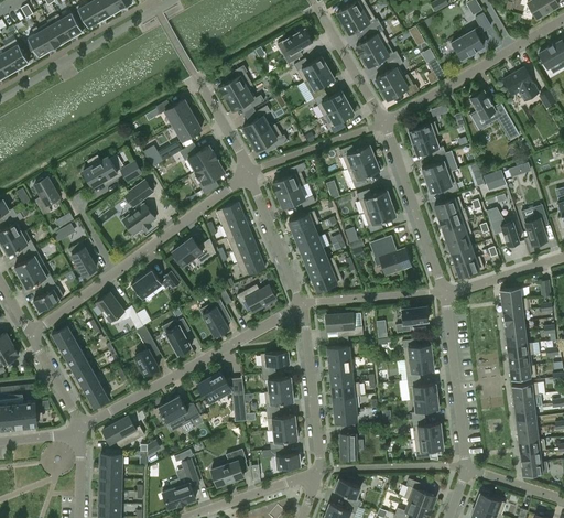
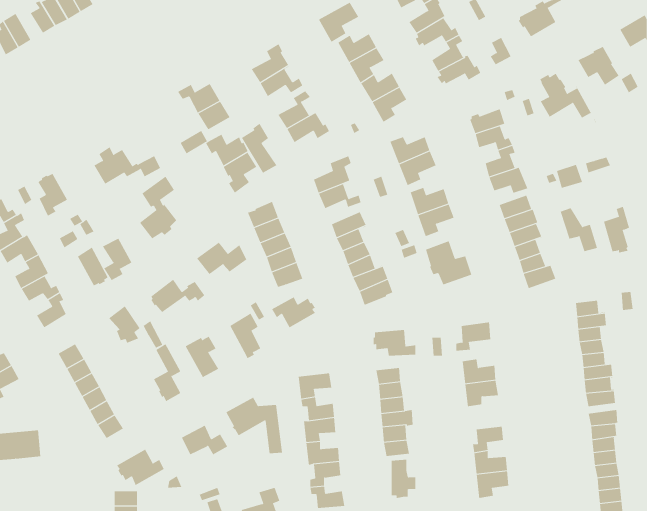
building: none -> [241,123,277,174]
building: none -> [102,238,132,281]
building: [406,378,437,400] -> none

